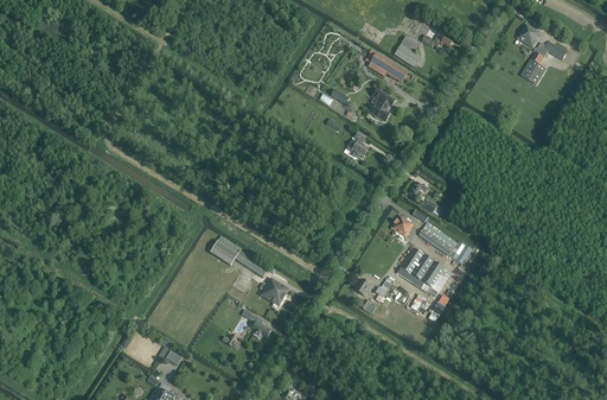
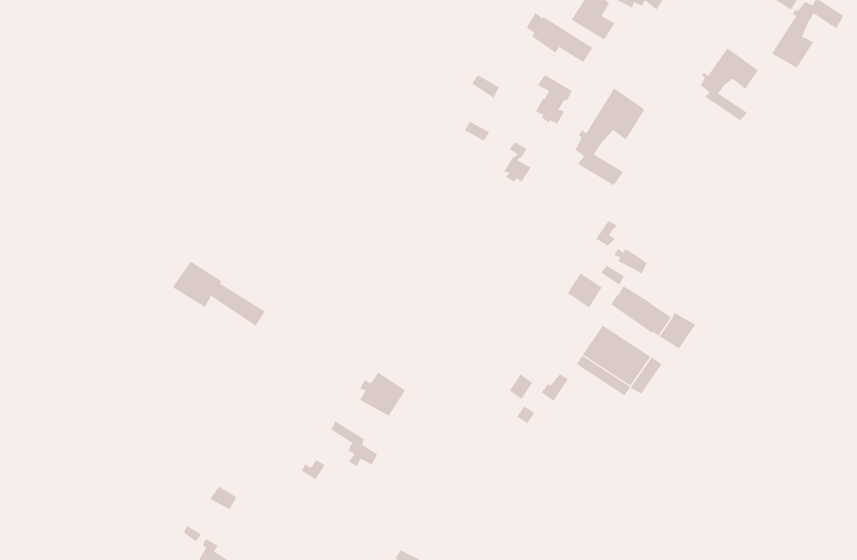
building: none -> [700,47,759,121]
building: none -> [575,87,645,186]
building: [209,236,268,278] -> [172,261,265,326]

